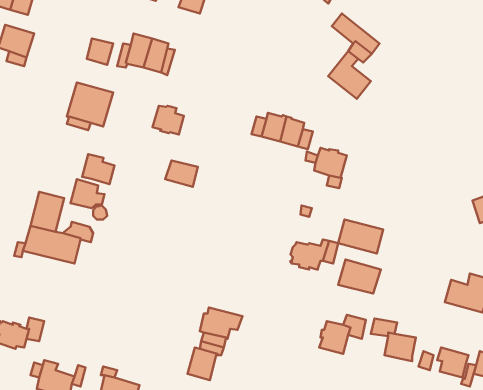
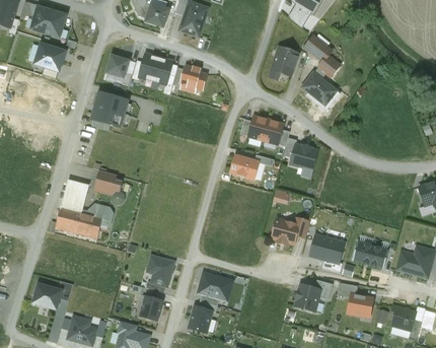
building: none -> [272,47,299,77]
building: [153,106,184,135] -> [181,66,207,89]
building: [82,154,114,184] -> none
building: [165,160,198,187] -> [231,156,258,178]
building: [338,219,383,253] -> [352,240,388,268]
building: none -> [148,255,174,286]
building: none -> [139,294,164,322]

